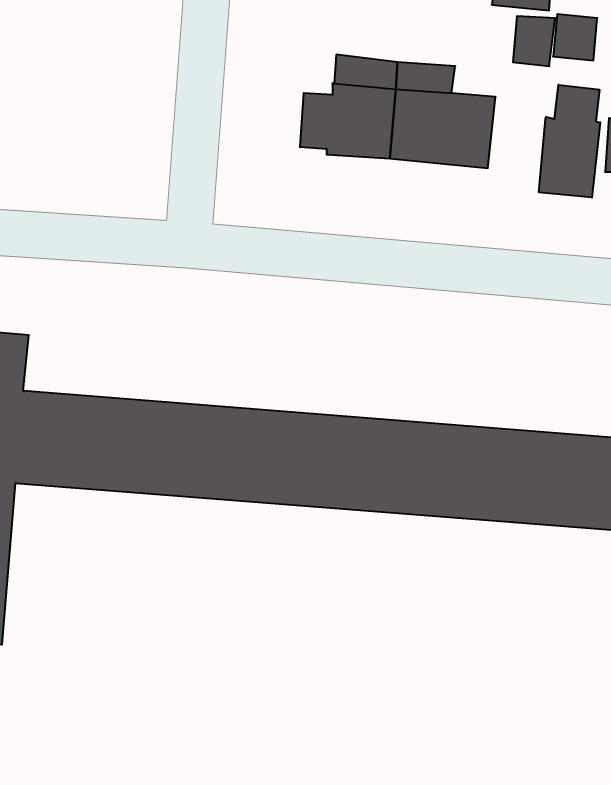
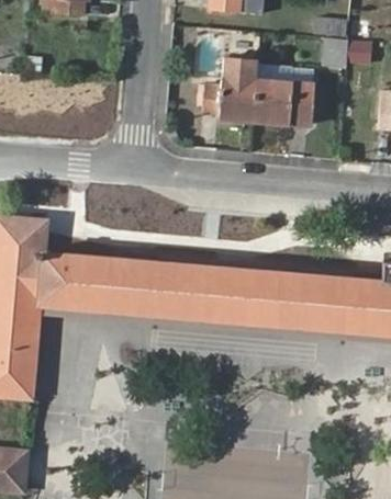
building: [539,85,600,198] -> none

